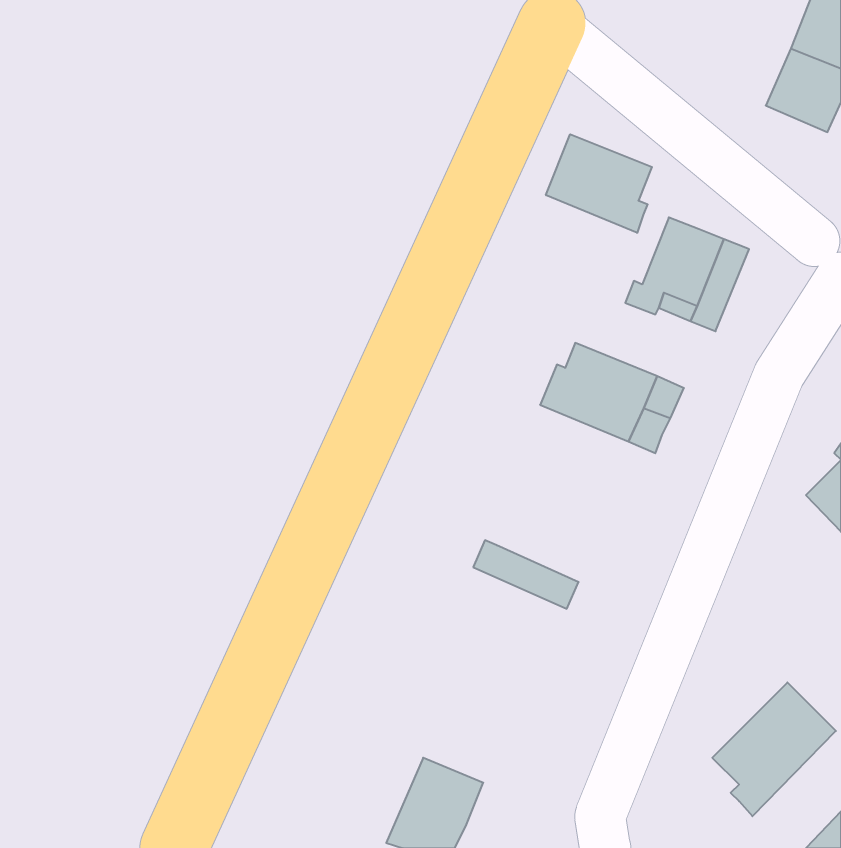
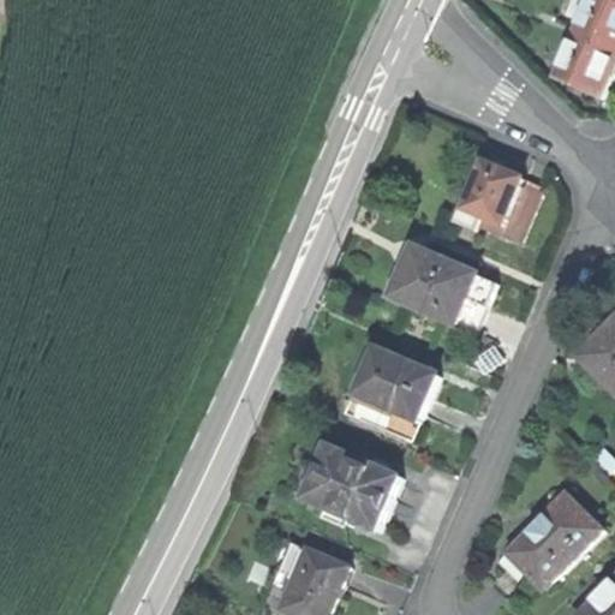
building: [546,134,652,233] -> none
building: none -> [357,345,436,418]
building: none -> [303,444,396,525]

